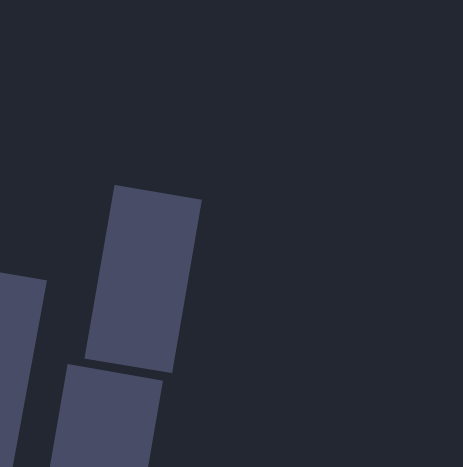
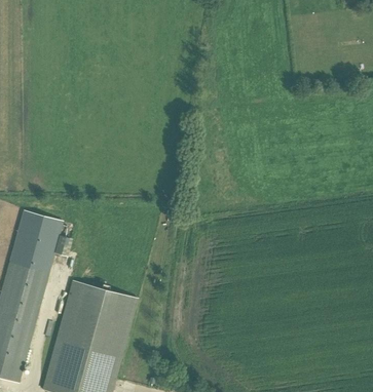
building: [84,184,203,374] -> none

